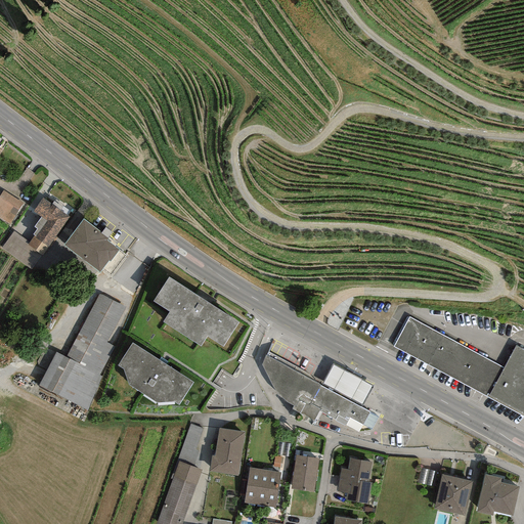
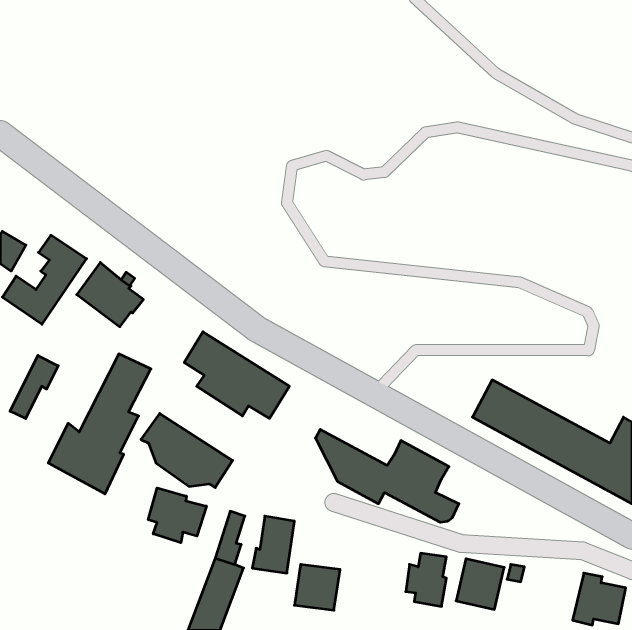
building: none -> [10,355,58,419]
building: none -> [148,488,206,543]
building: [290,453,319,491] -> none
building: [434,474,474,516] -> [456,559,504,609]

